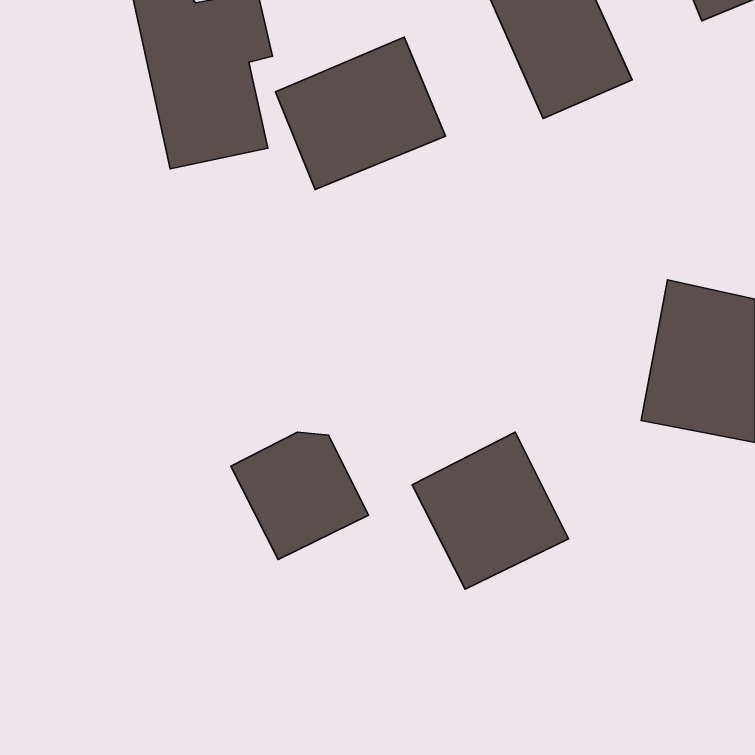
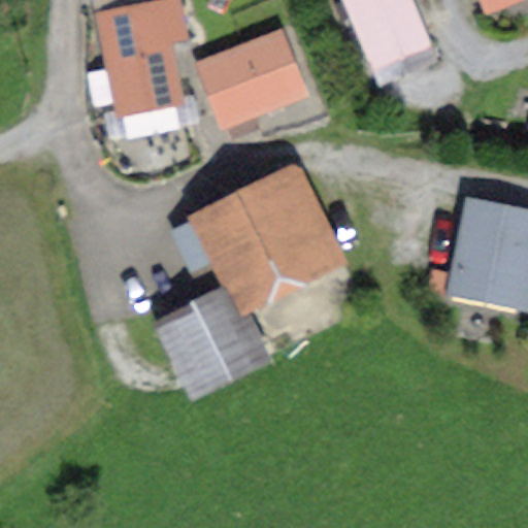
building: none -> [180,180,332,294]
building: [412,432,569,589] -> none

